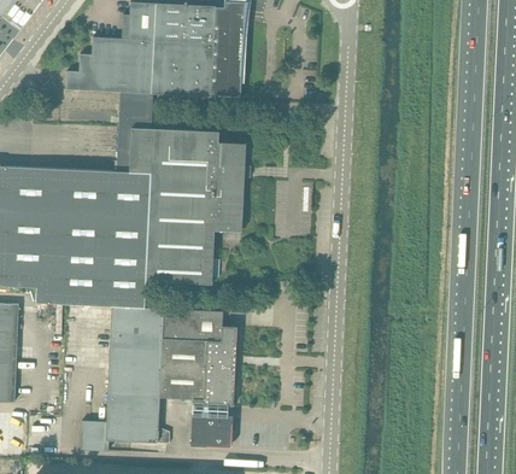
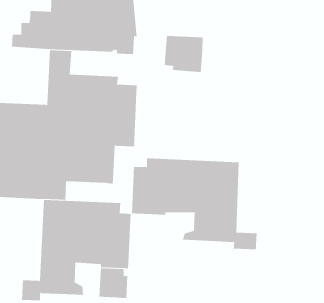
building: none -> [164,35,203,73]
building: none -> [131,158,257,250]

